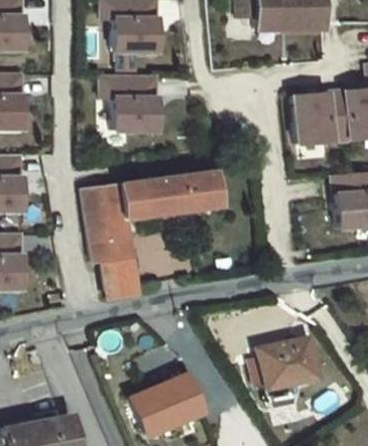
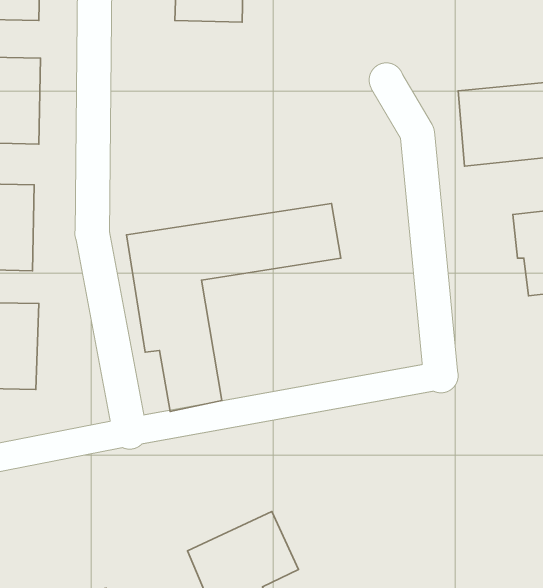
building: [104,73,158,131] -> none
building: [258,339,317,391] -> none

